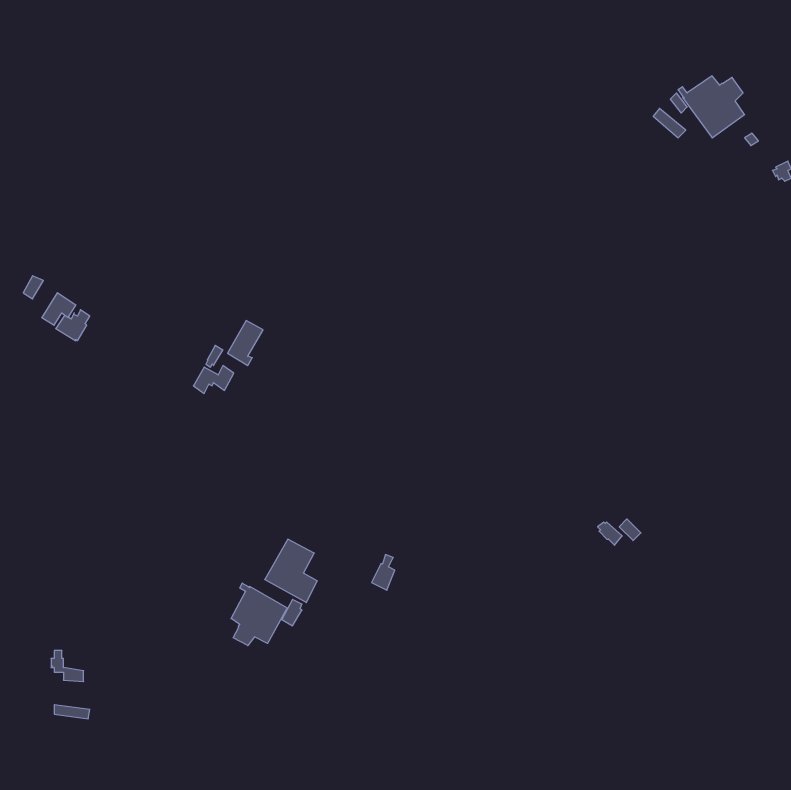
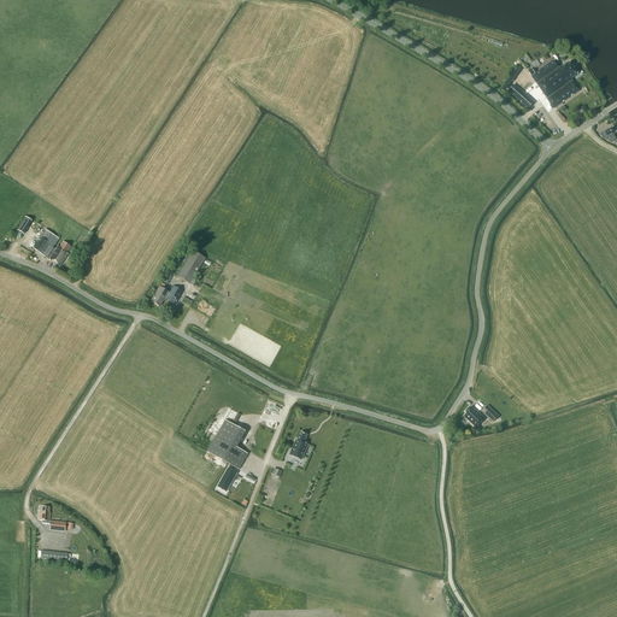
building: [231,583,287,646] -> none

